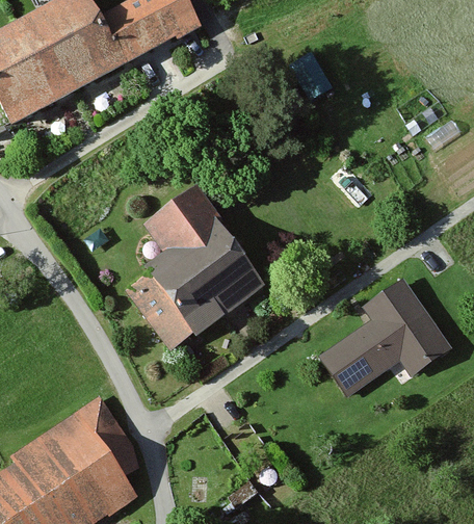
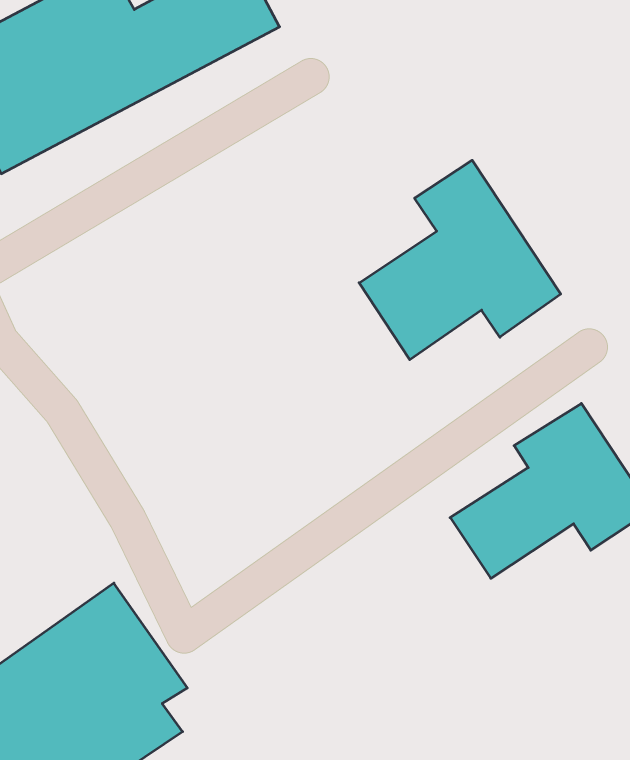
building: none -> [359,160,561,360]
building: [123,187,266,350] -> none

